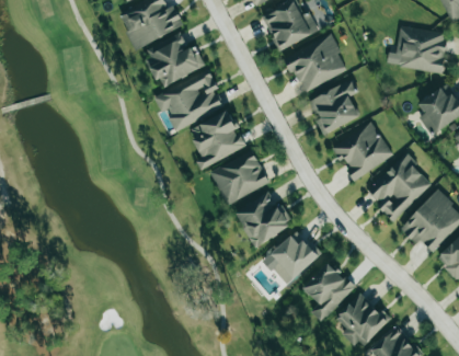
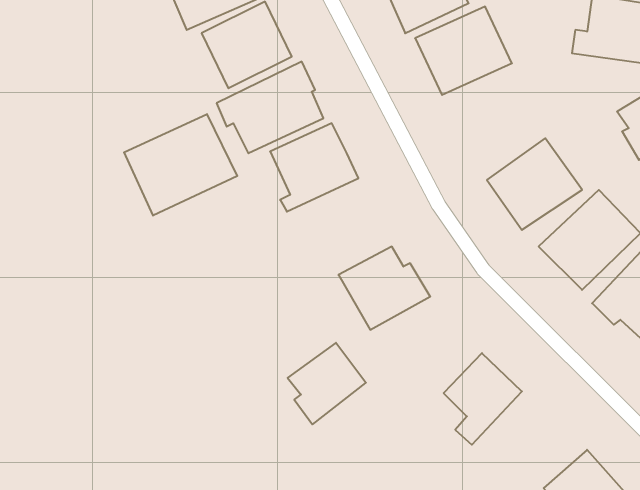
building: [309,78,360,135] -> none
building: none -> [124,114,237,216]
building: [210,150,269,205] -> none
building: [269,230,321,284] -> [288,343,366,424]
building: [336,292,390,346] -> none

